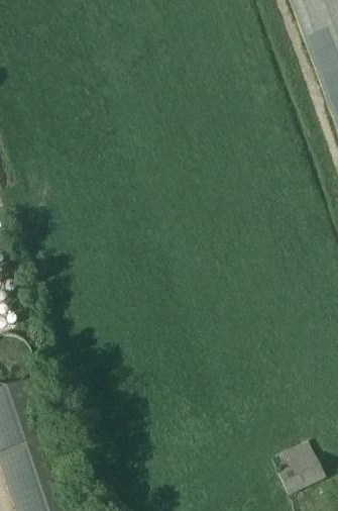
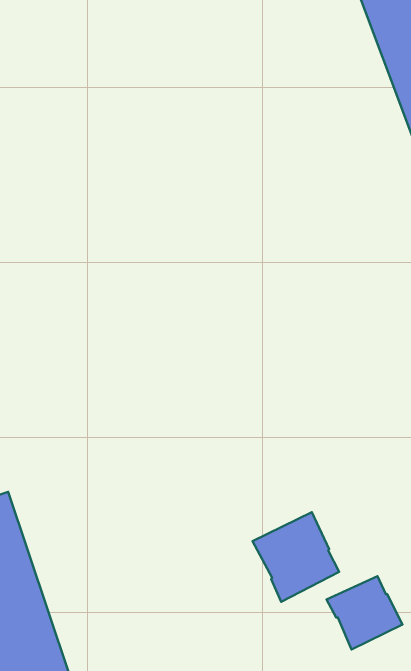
building: none -> [252,512,339,602]

